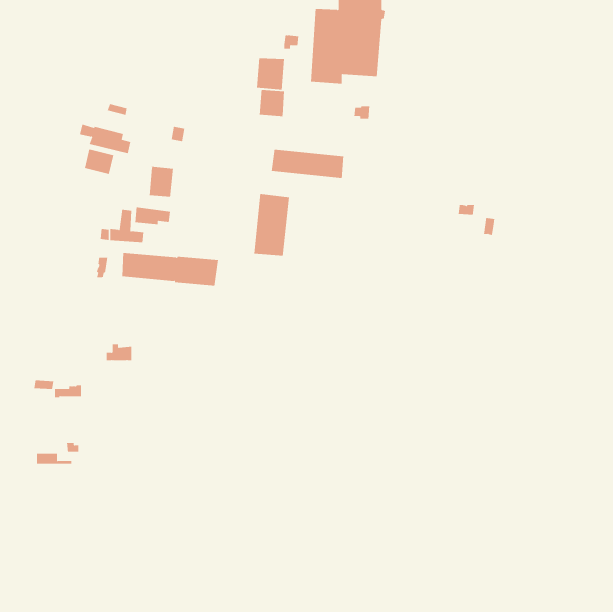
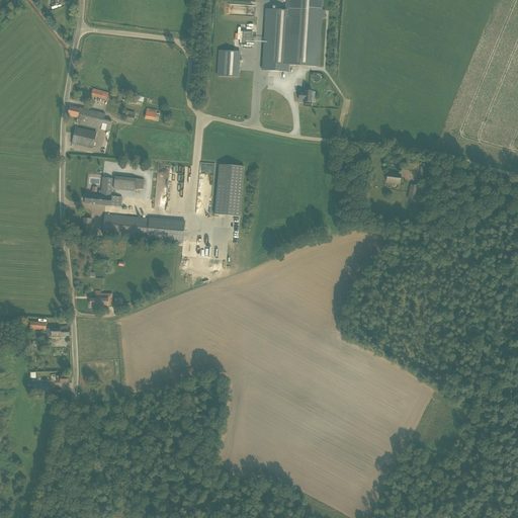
building: [259,89,285,117] -> none
building: [271,149,344,179] -> none
building: [149,166,173,198] -> none

